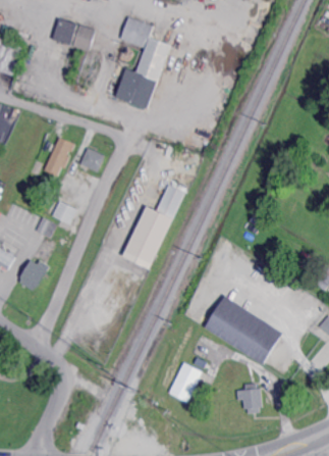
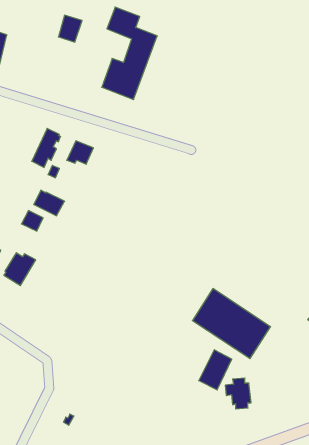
building: [50,18,75,45] -> none
building: [123,190,182,269] -> none
building: [166,360,199,400] -> [199,350,232,390]

